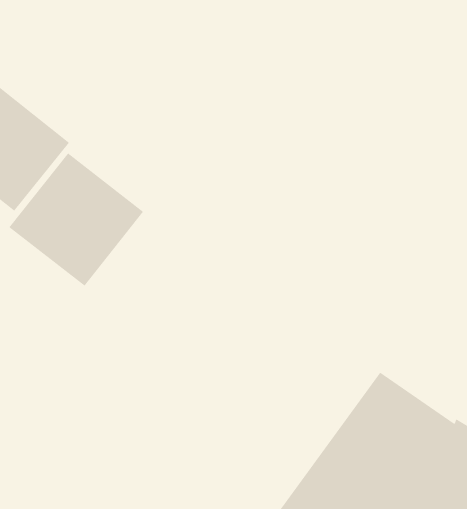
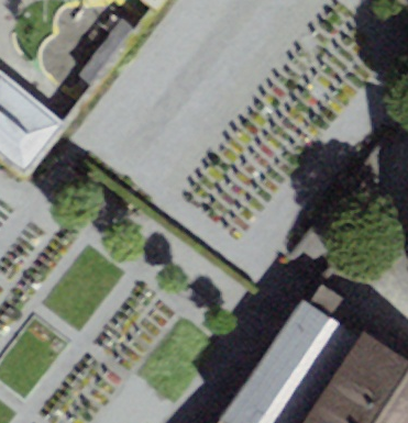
building: [9,153,144,286] -> none

